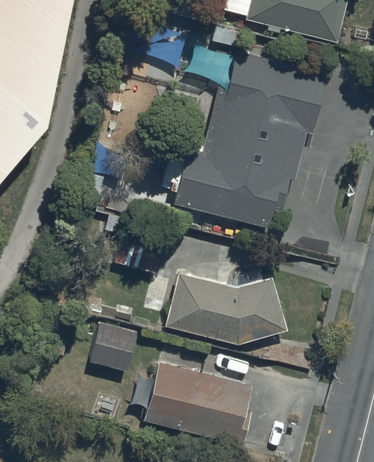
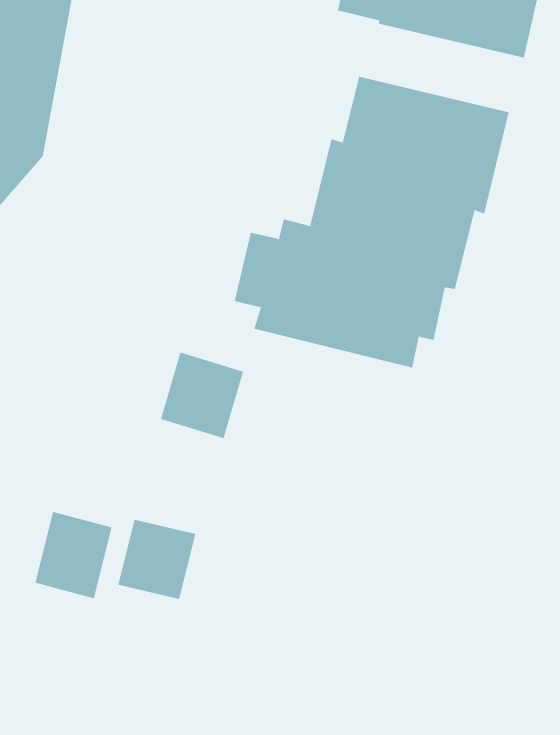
building: [164,274,287,347] -> none
building: none -> [35,511,112,599]
building: [144,362,253,448] -> none

